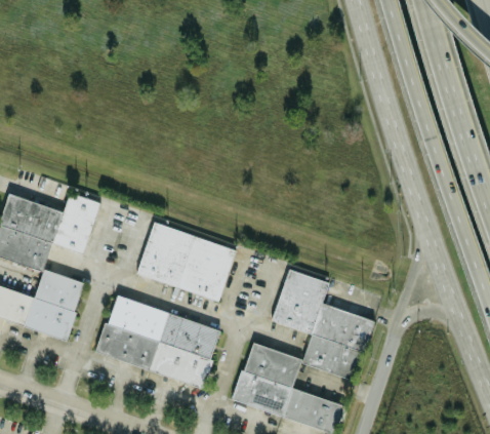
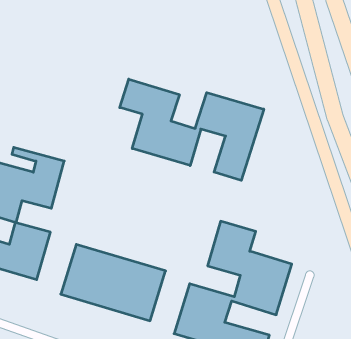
building: none -> [120,79,264,180]
building: [136,223,236,301] -> none

